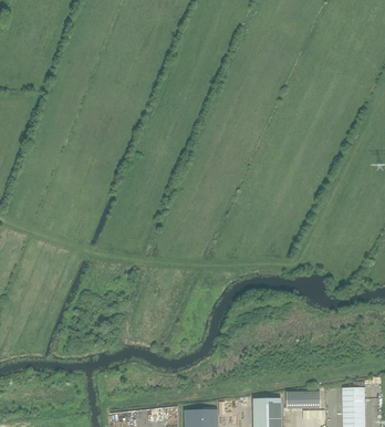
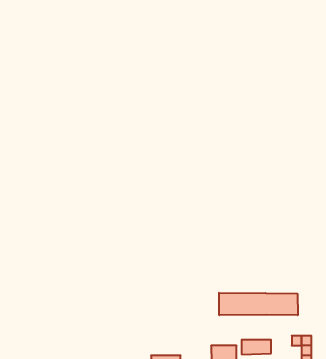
building: none -> [219,293,298,315]

